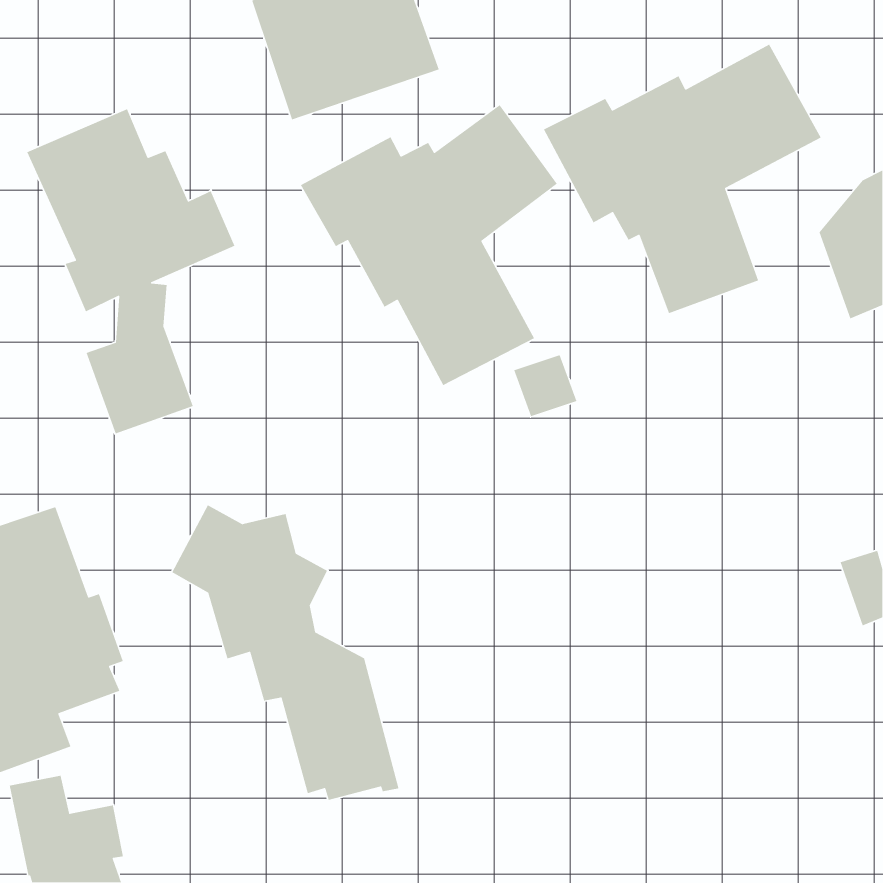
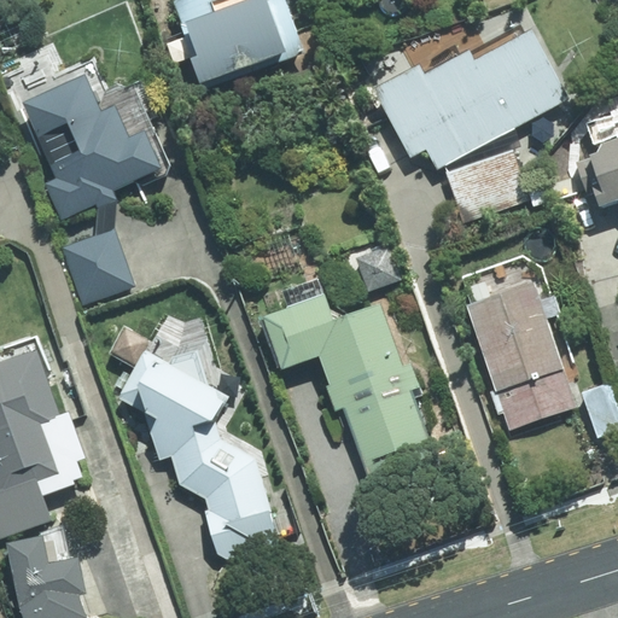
building: [300,104,558,386] -> none
building: none -> [466,281,576,428]
building: none -> [263,296,454,489]

